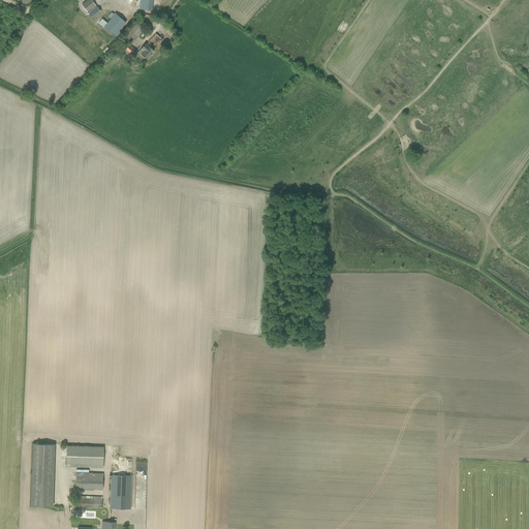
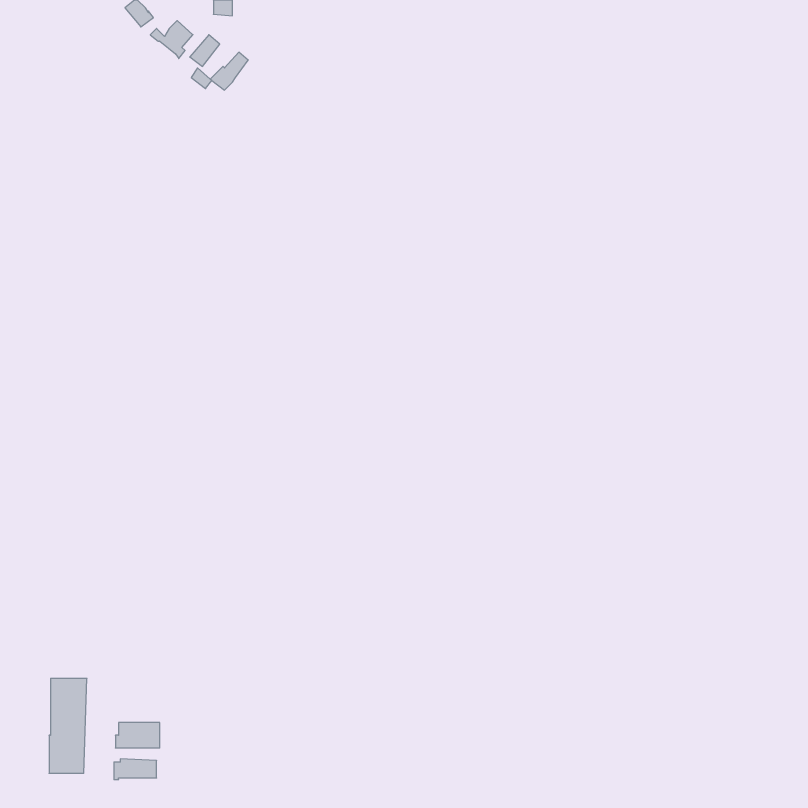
building: [68,445,106,467] -> none
building: [111,474,131,509] -> none

